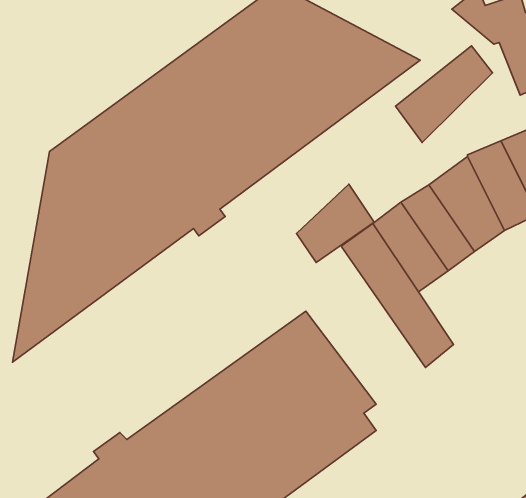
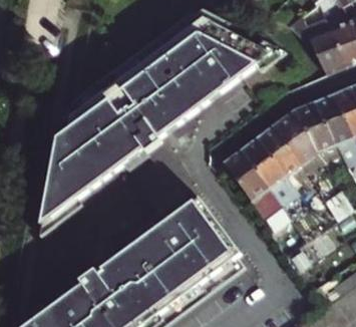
building: [395,46,492,142] -> none
building: [297,184,374,263] -> none

